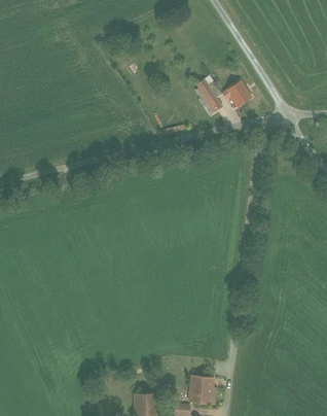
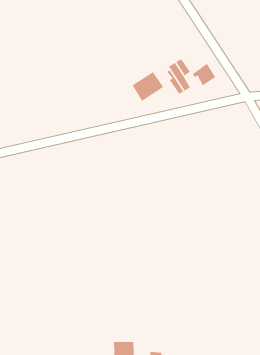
building: none -> [131,71,164,102]
building: [188,376,214,404] -> none

